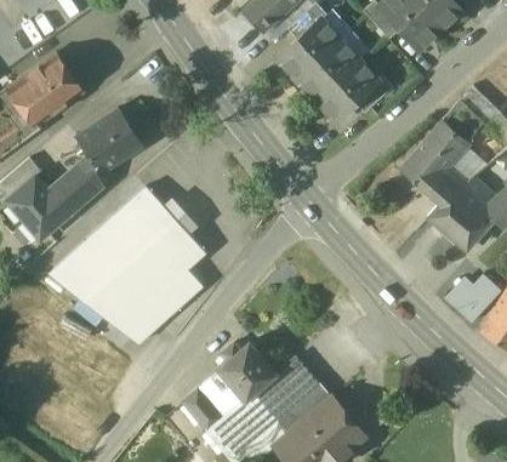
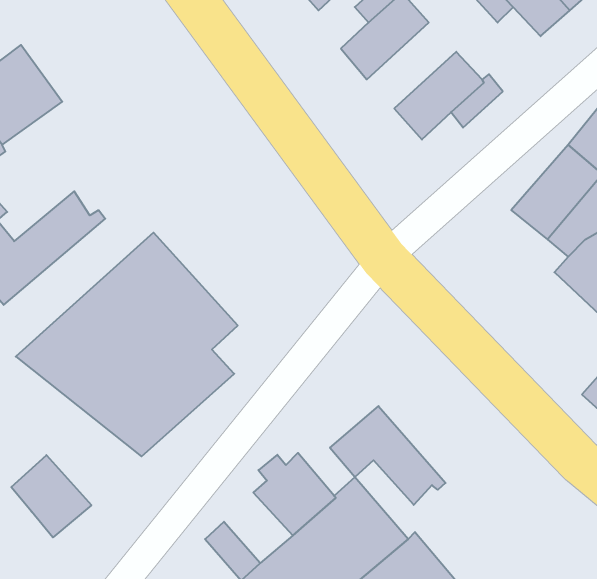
building: [297,39,360,99] -> none
building: [78,109,144,175] -> none
building: none -> [330,406,446,505]
building: none -> [11,455,91,537]

